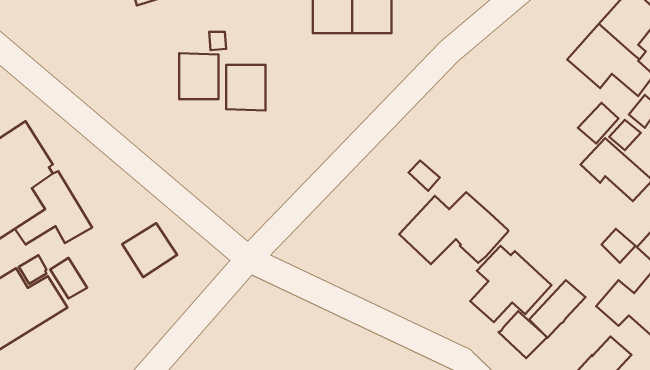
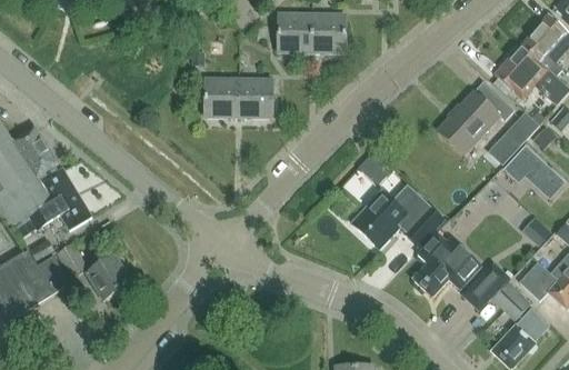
building: [179,53,219,99] -> [238,78,271,117]
building: none -> [437,86,513,153]
building: [122,223,177,277] -> [86,254,132,300]
building: [499,311,547,358] -> [488,279,529,319]

